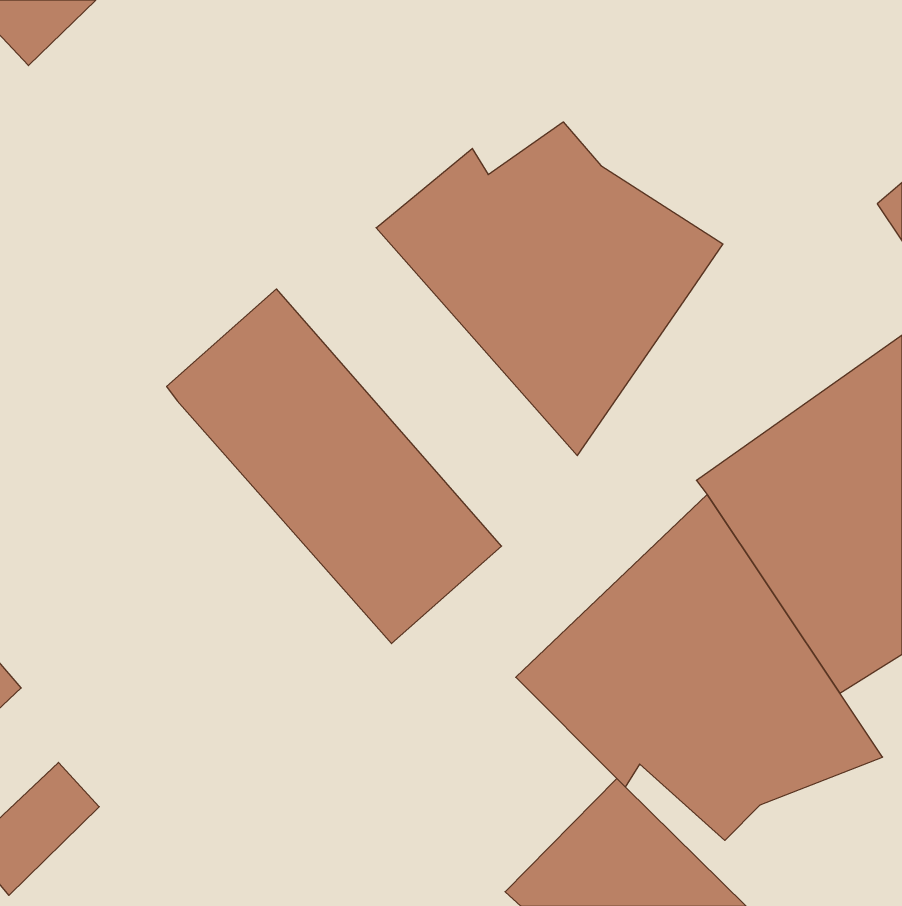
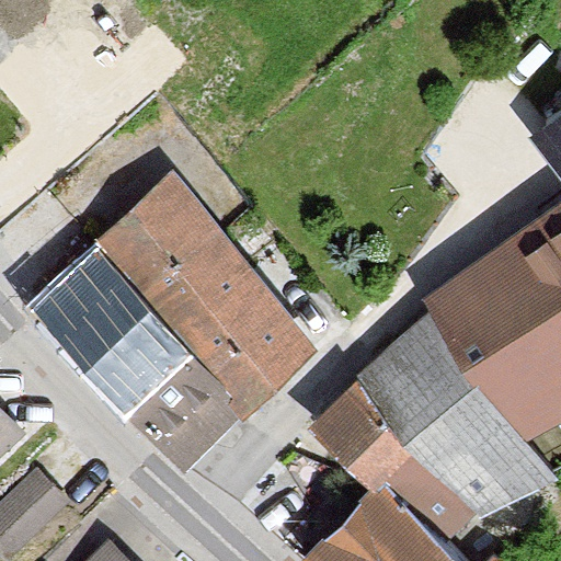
building: [376,122,723,456] -> none
building: none -> [48,248,242,451]

